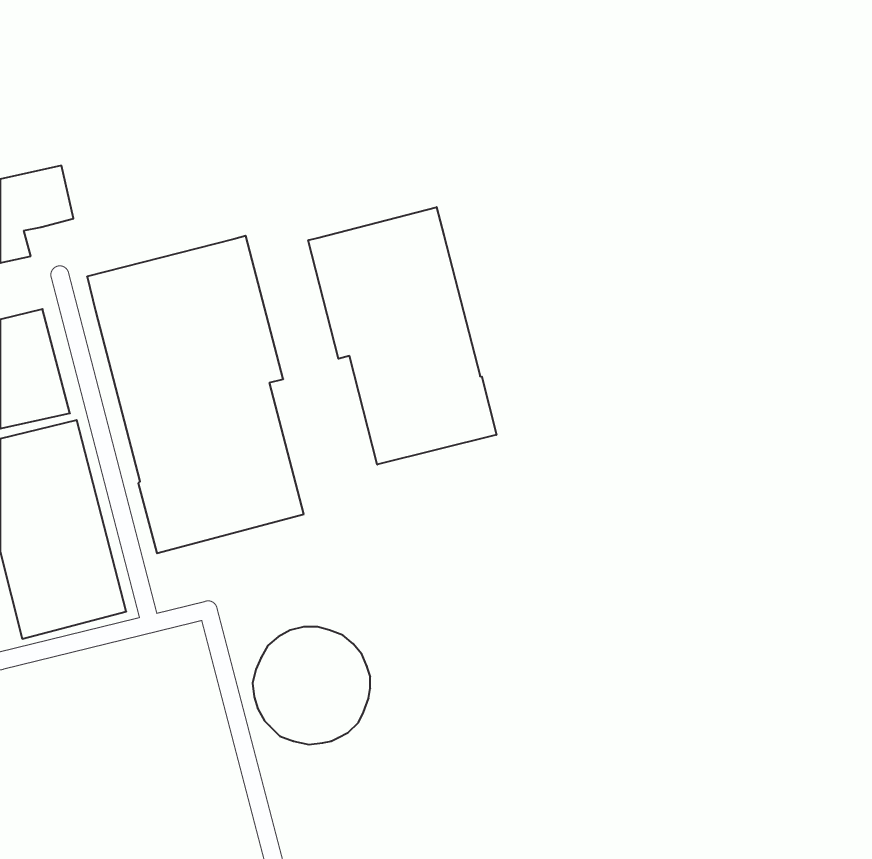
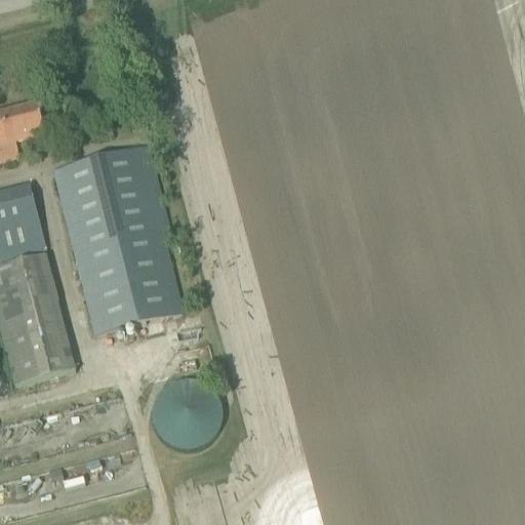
building: [308,207,496,465] -> none

